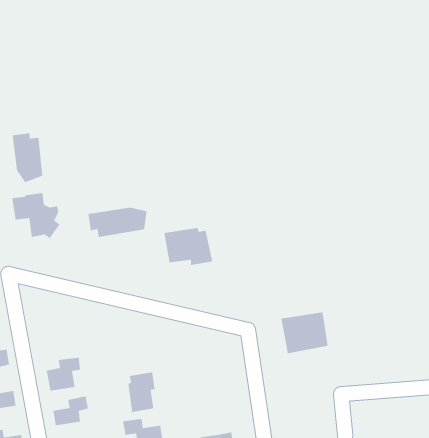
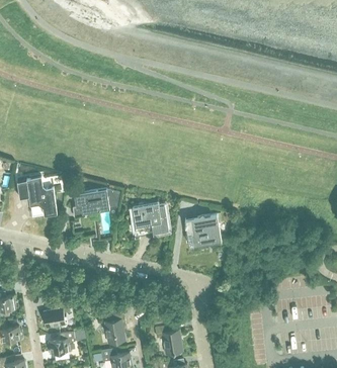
building: [12,132,43,183] -> none
building: [280,311,329,354] -> [185,215,222,248]
building: none -> [156,327,183,356]

